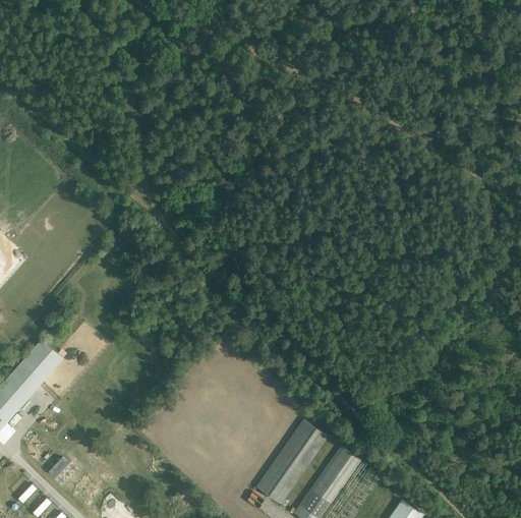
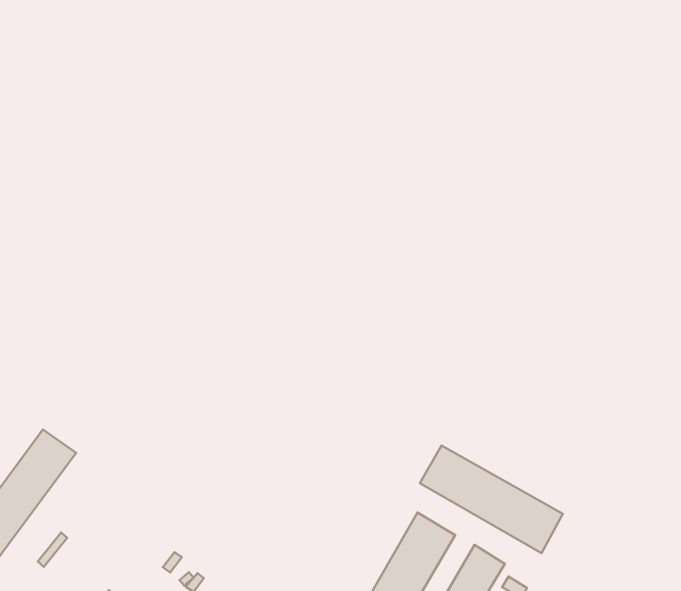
building: none -> [420,445,563,553]

